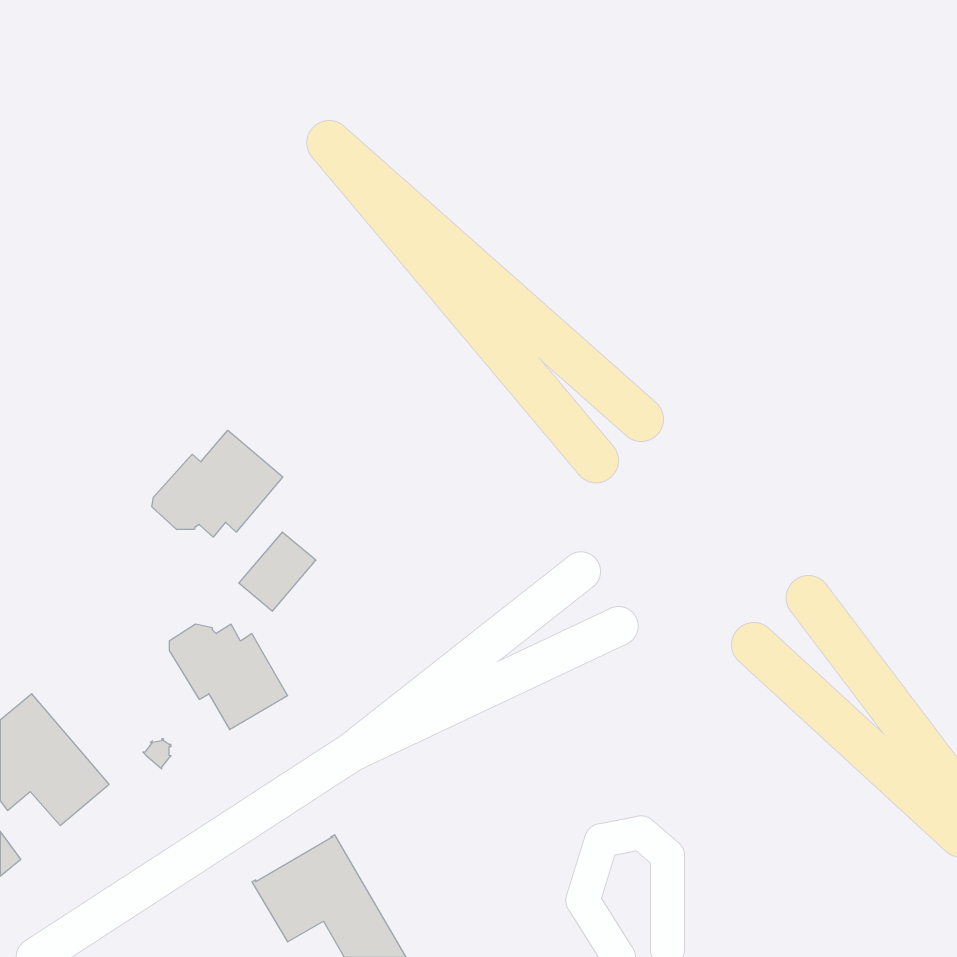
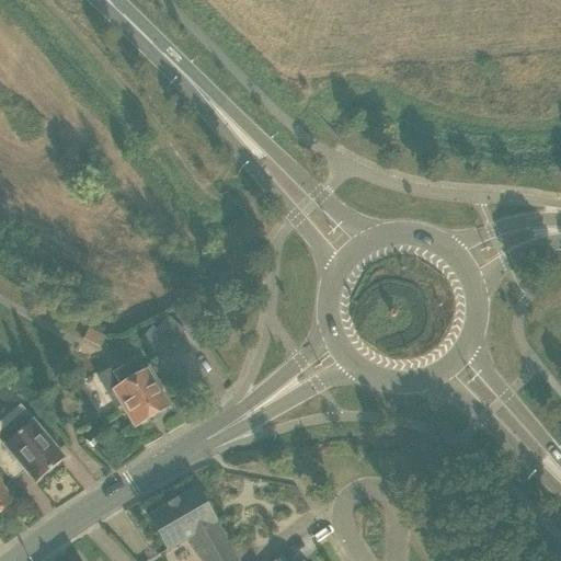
building: [152,430,283,537] -> none

